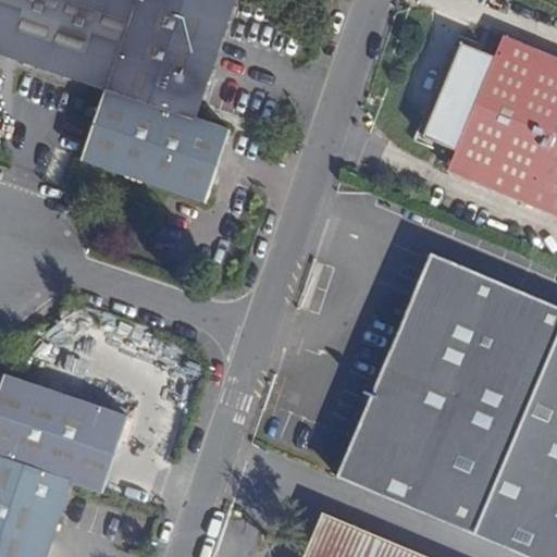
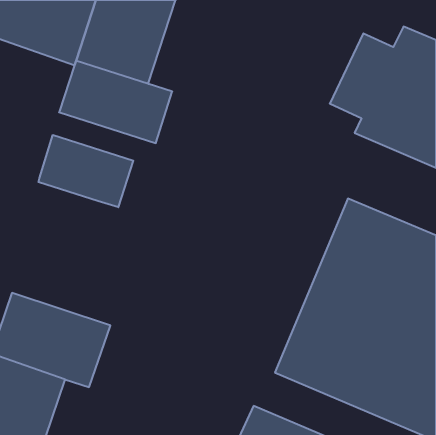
building: none -> [38,135,133,207]

